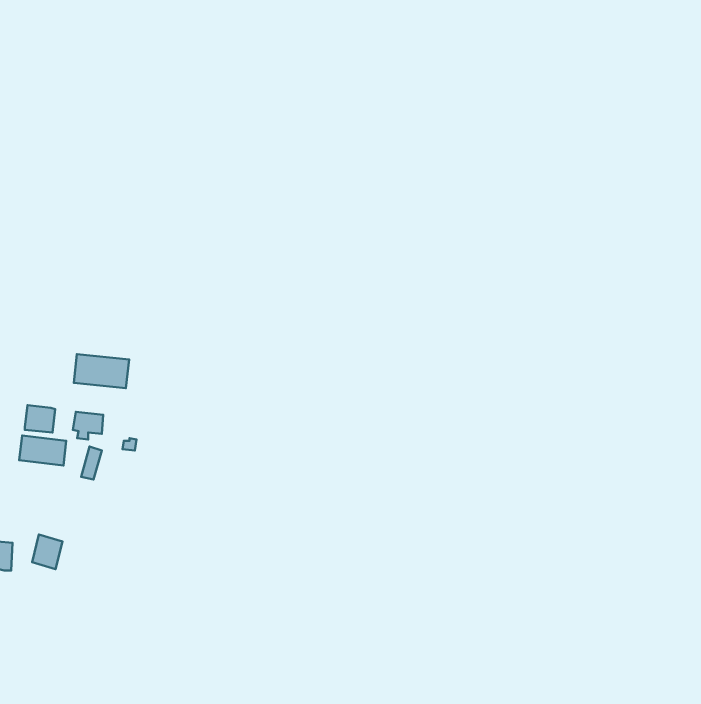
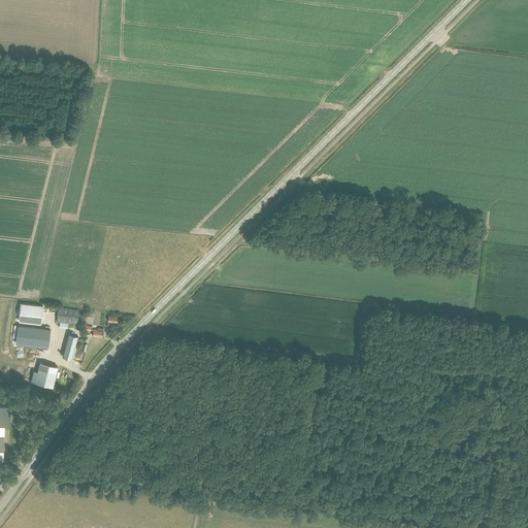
building: [74,354,129,388] -> none
building: [32,535,62,569] -> [33,362,56,388]

